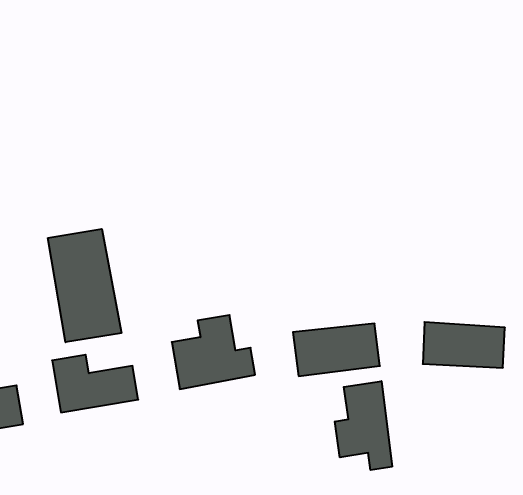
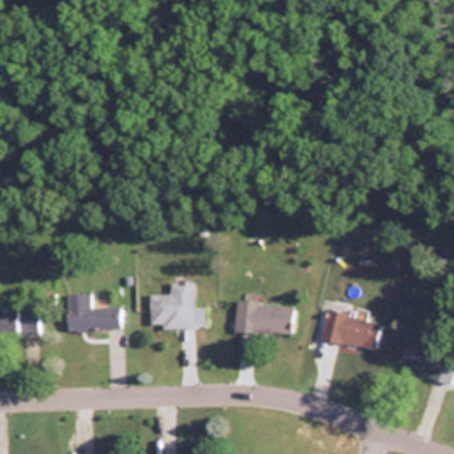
building: [48,229,121,342] -> none
building: [335,381,392,470] -> none

